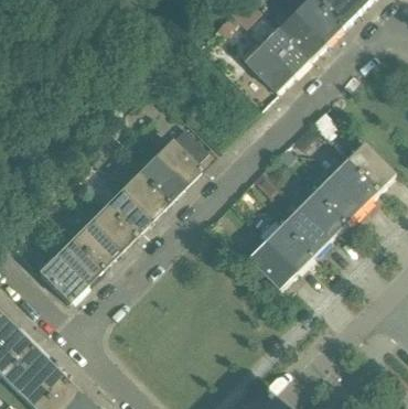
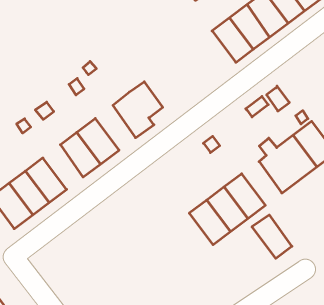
building: [137,155,182,202] -> none
building: [300,193,345,238] -> [252,215,292,258]
building: [87,205,132,251] -> none

